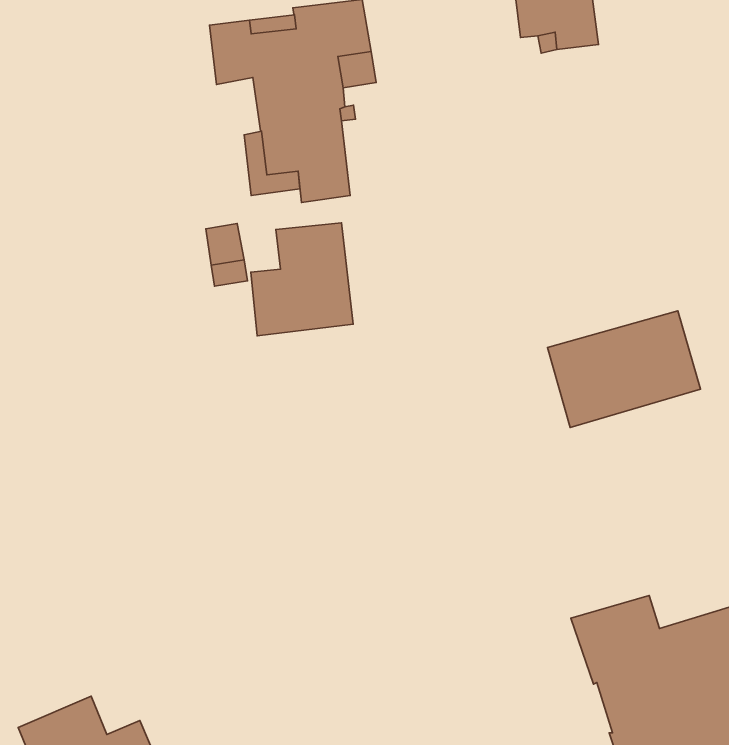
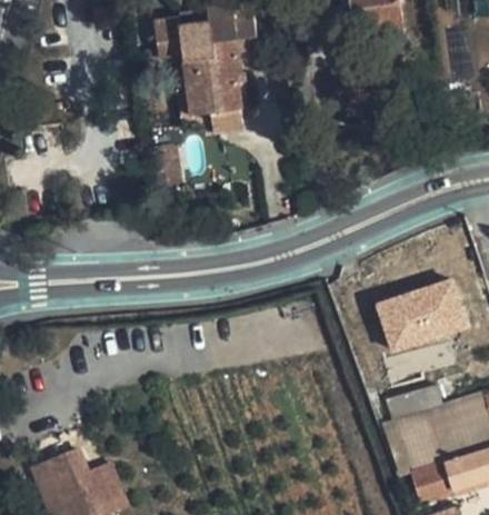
building: [251,223,353,336] -> none
building: [548,311,700,427] -> [385,275,482,349]

